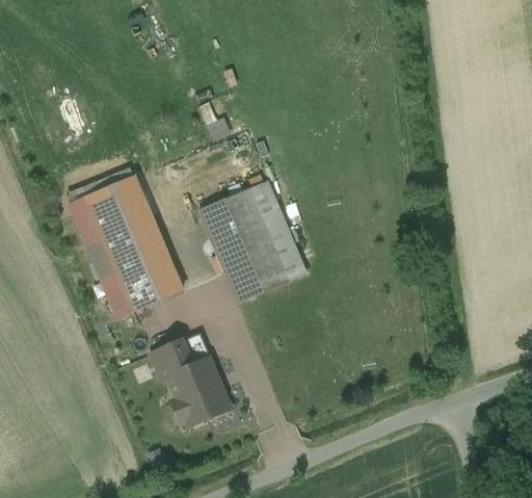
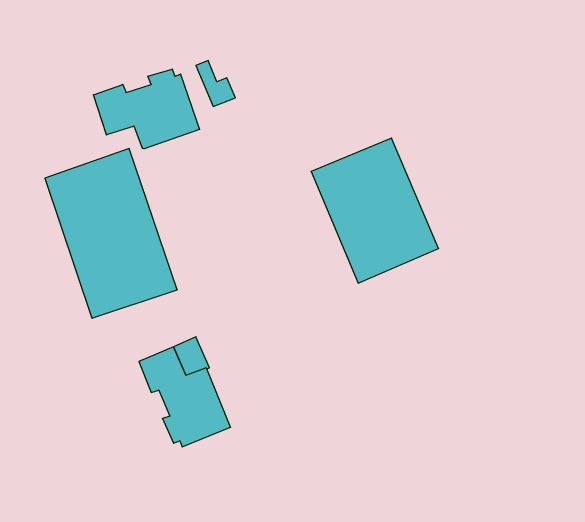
building: none -> [93,69,200,149]
building: [197,180,304,302] -> [311,138,439,283]

